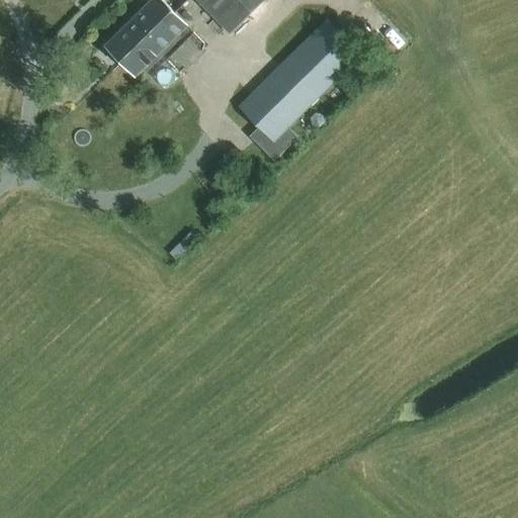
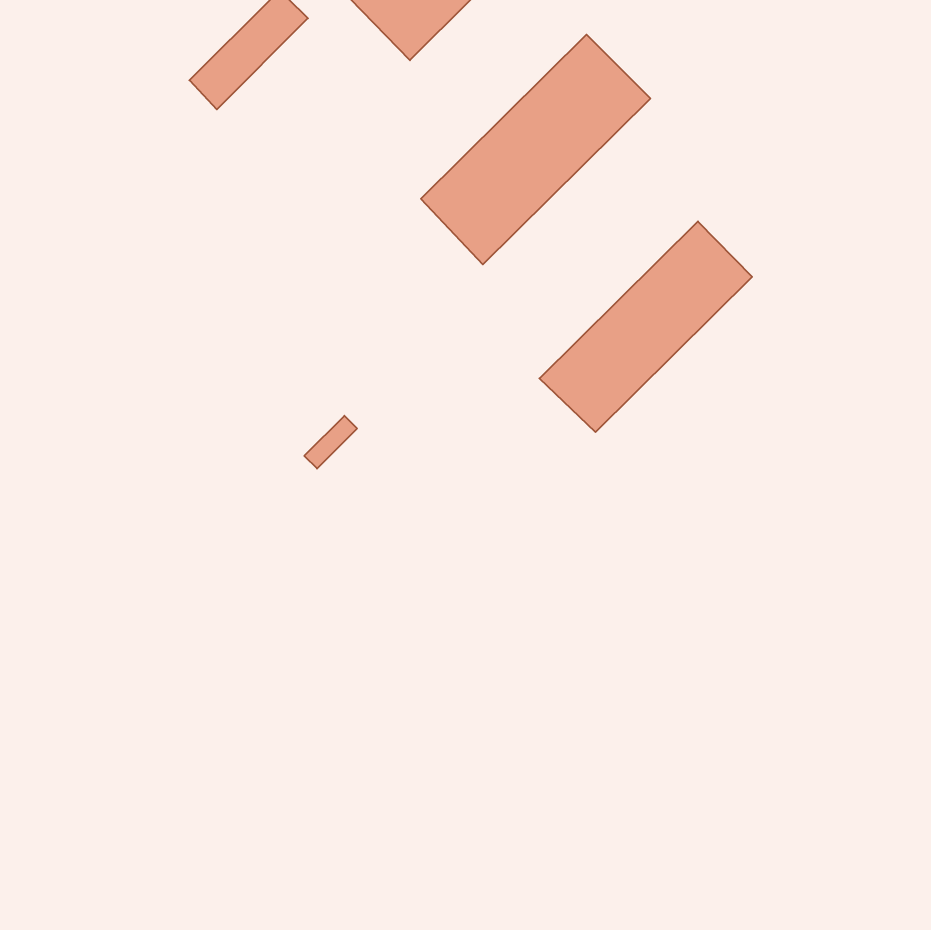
building: [120,10,193,76] -> none
building: none -> [539,221,752,432]

